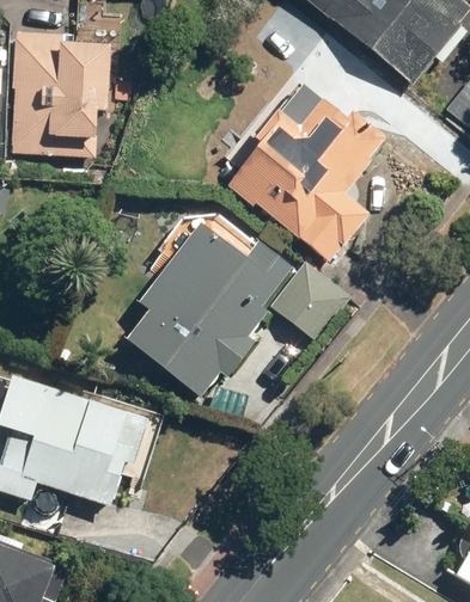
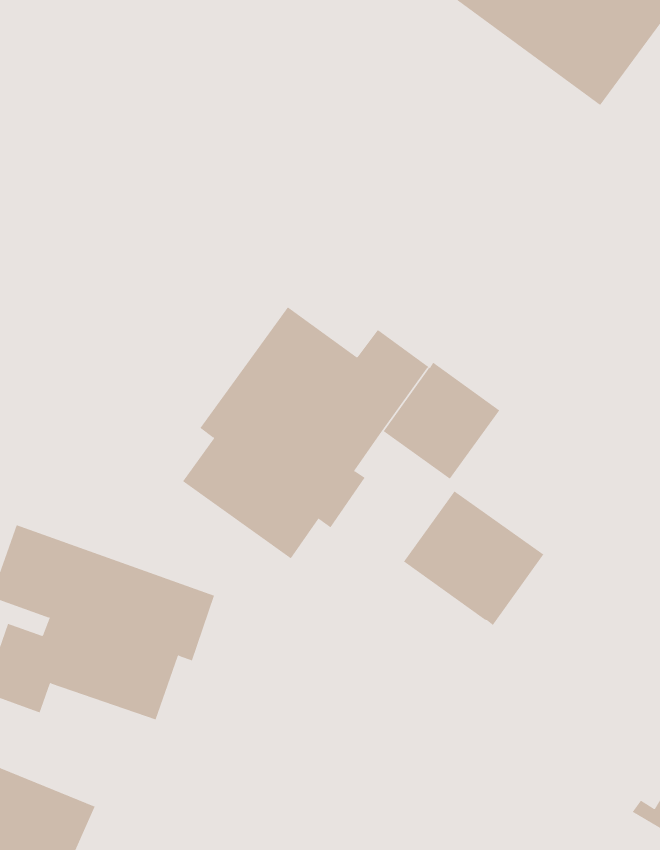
building: [10,31,115,154] -> none
building: [232,79,386,265] -> none
building: none -> [403,490,544,626]

